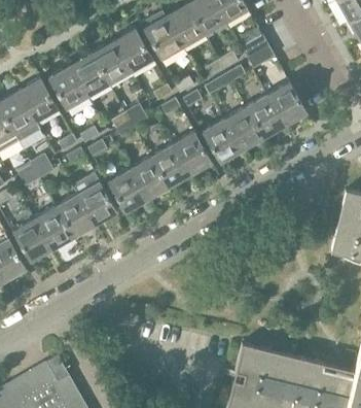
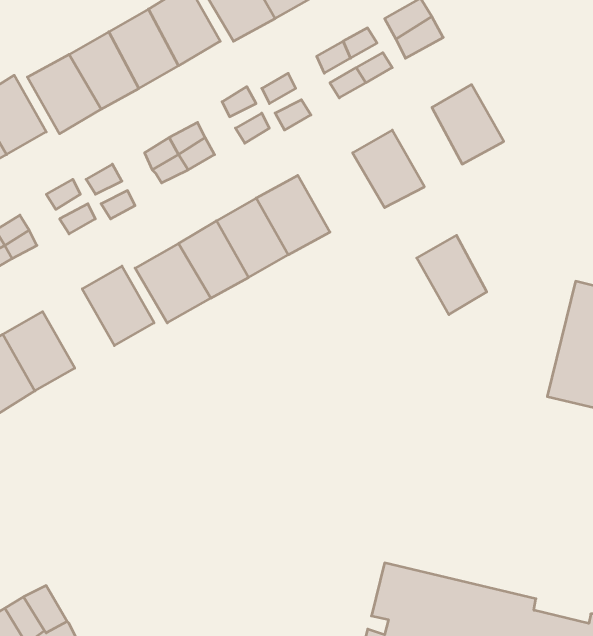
building: [246,96,284,139] -> [417,235,487,315]
building: [202,121,242,164] -> none
building: [56,195,95,238] -> none

